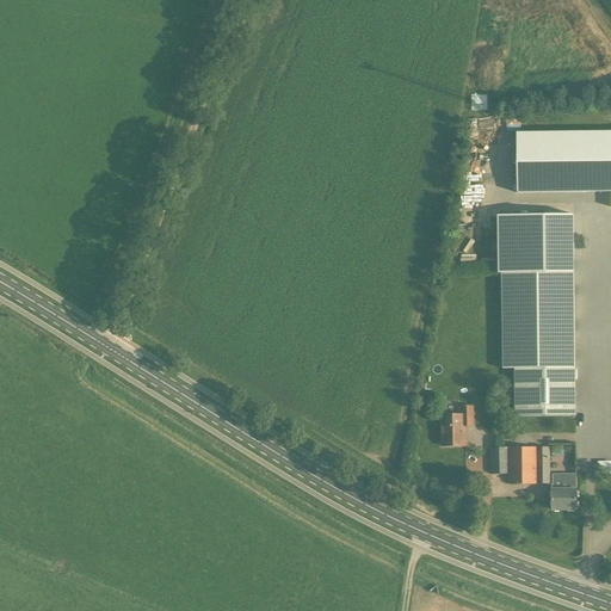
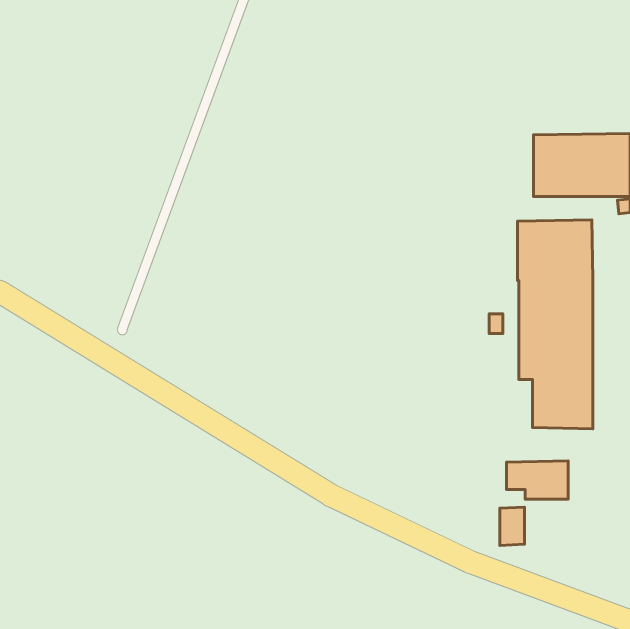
building: [440,405,473,444] -> none
building: [551,471,575,508] -> [500,507,525,545]

